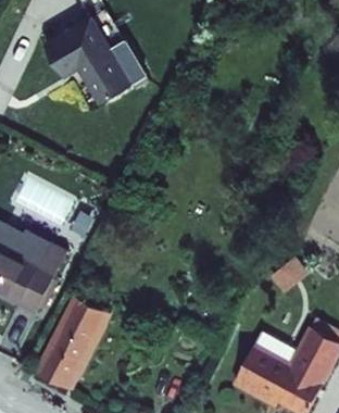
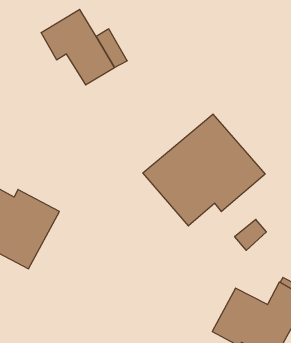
building: none -> [143,114,265,226]
building: [38,295,108,384] -> none

